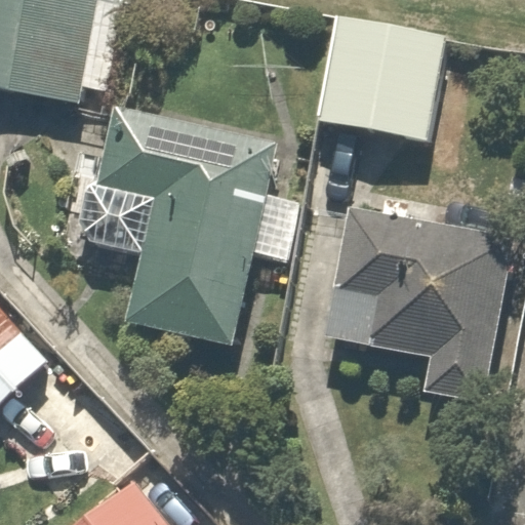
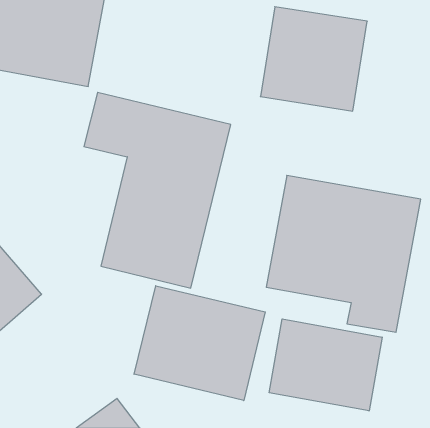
building: none -> [134,286,265,401]
building: none -> [269,319,382,411]

